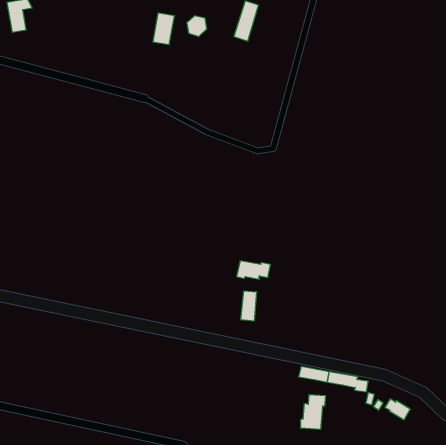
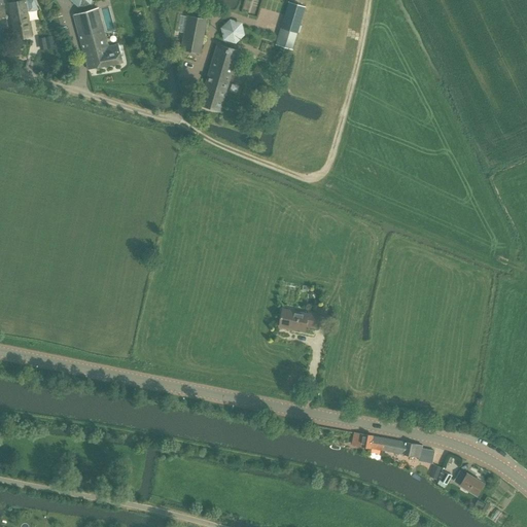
building: none -> [73,8,121,68]
building: none -> [199,43,238,110]
building: [241,291,257,321] -> none
building: [301,394,325,429] -> none

